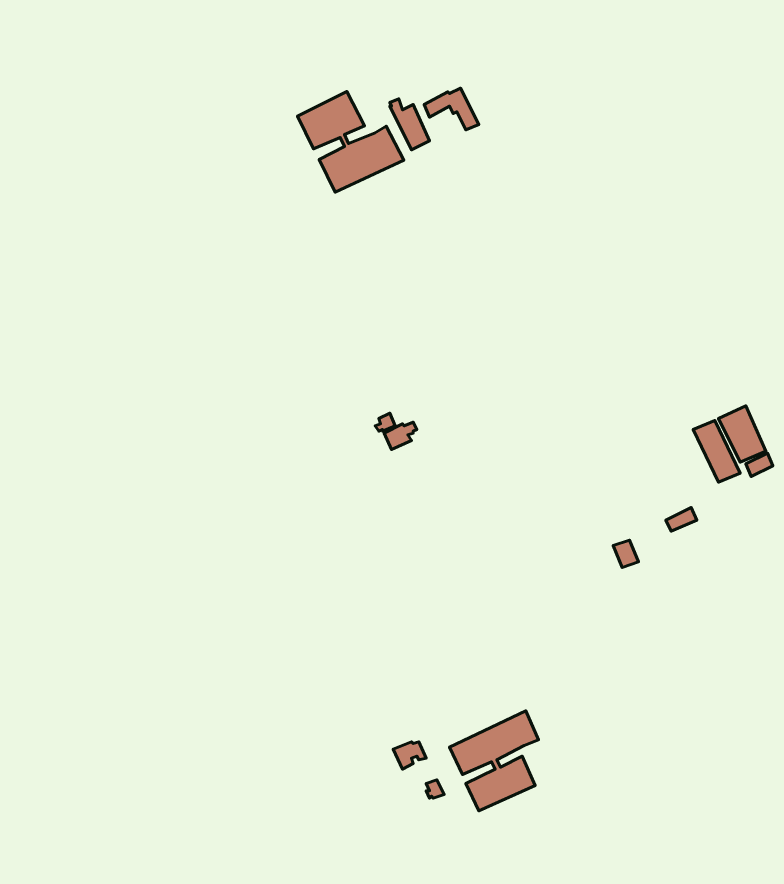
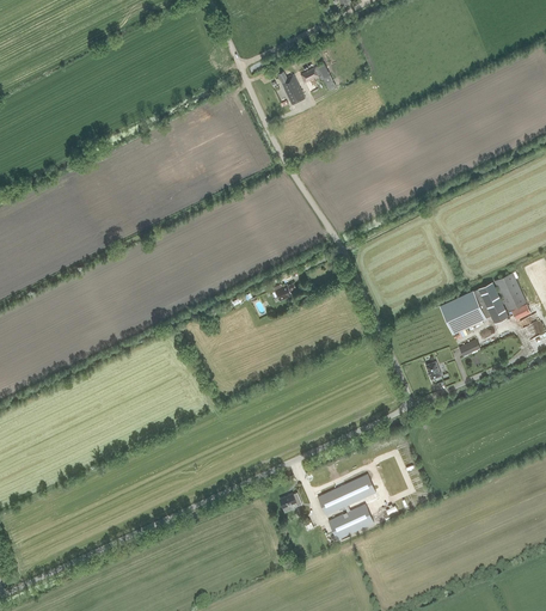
building: [298,91,404,192] -> none
building: none -> [440,289,486,334]

